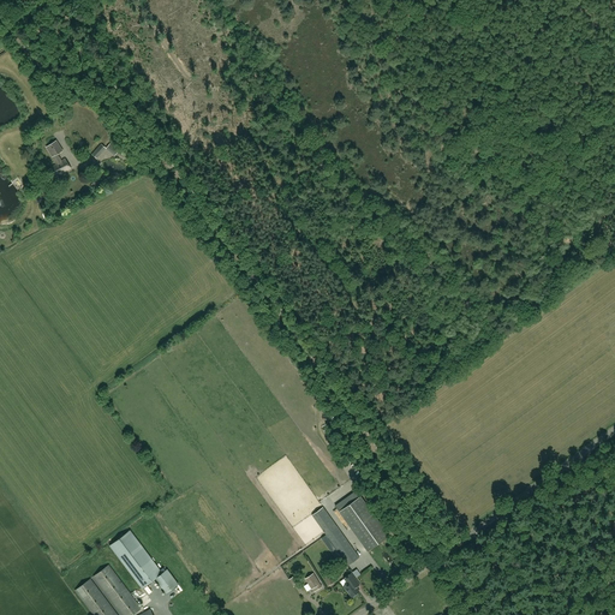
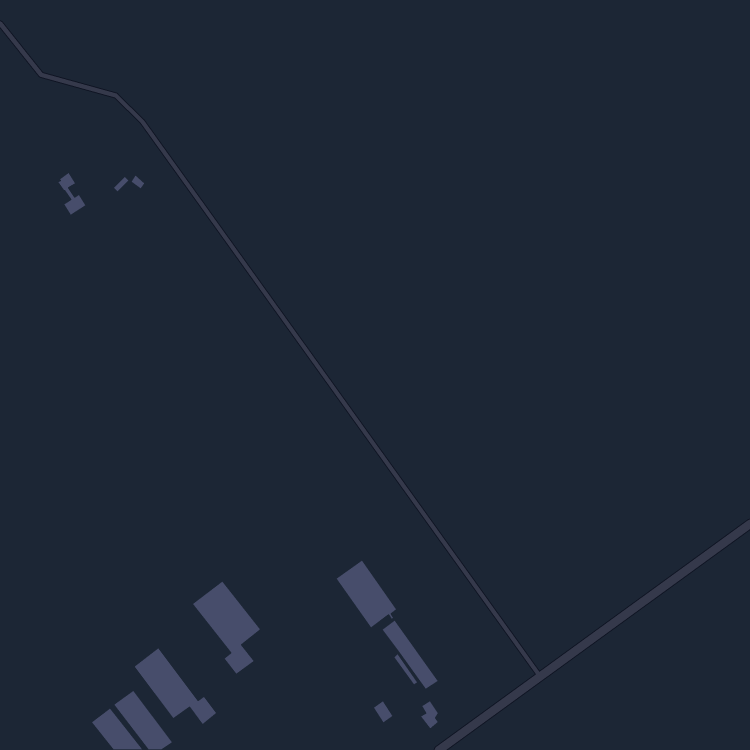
building: none -> [192,580,261,675]
building: [339,495,389,551] -> [336,560,397,629]

